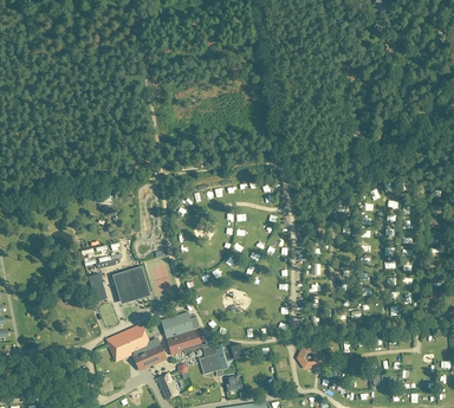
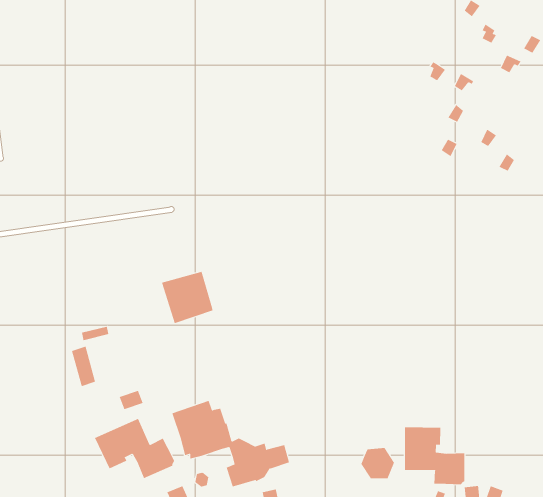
building: [112,266,150,304] -> [161,271,214,324]
building: none -> [404,427,465,485]

